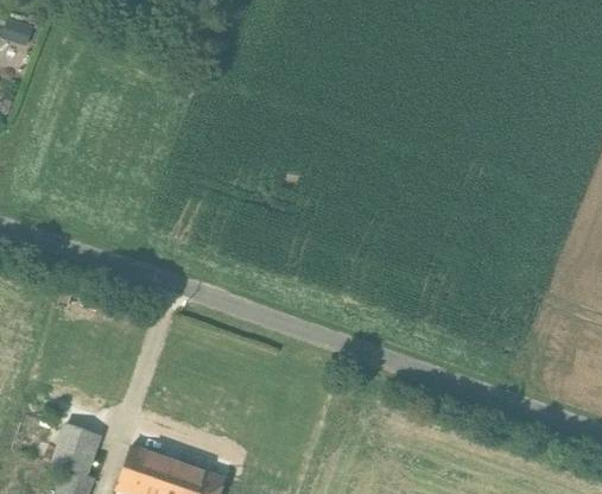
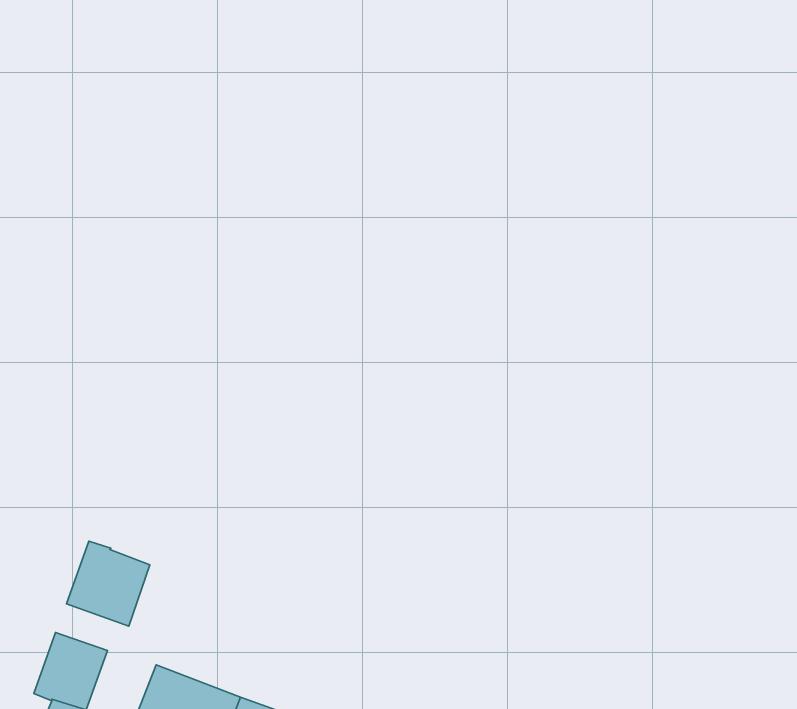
building: none -> [67,541,150,626]

